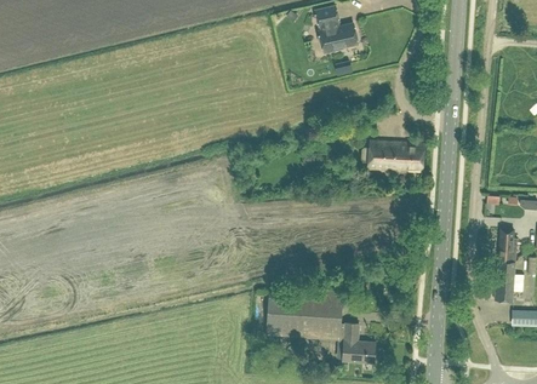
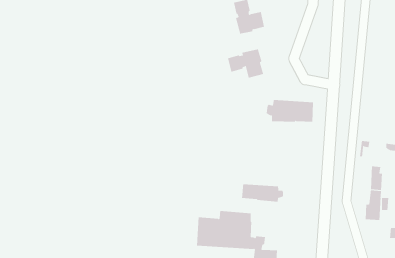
building: none -> [227,48,264,78]
building: none -> [241,184,284,202]

